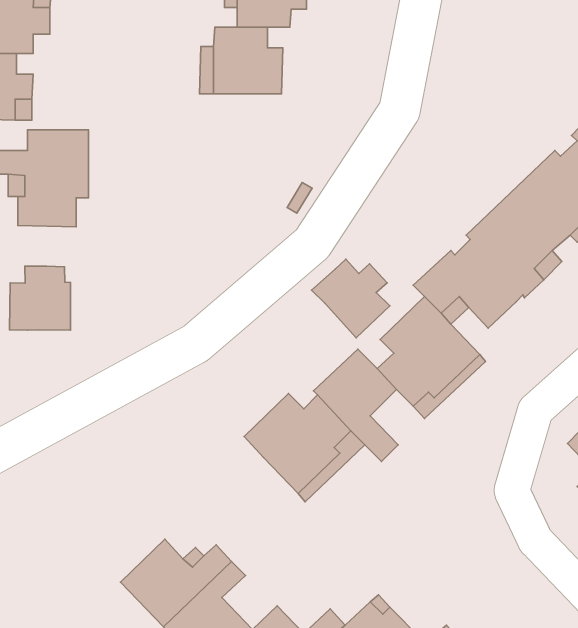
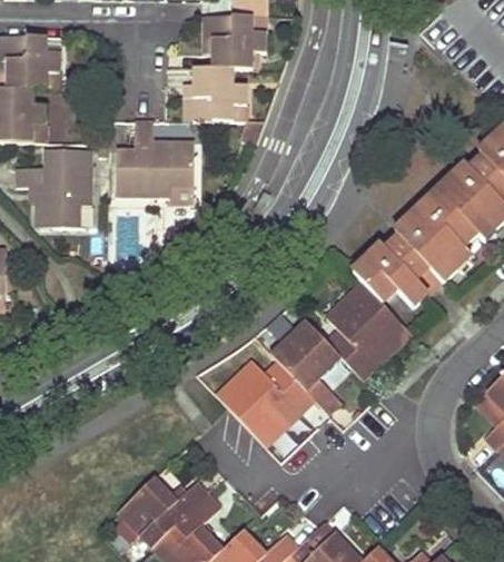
building: none -> [116,119,194,198]
building: [312,259,390,338] -> none
building: [10,266,71,330] -> none

